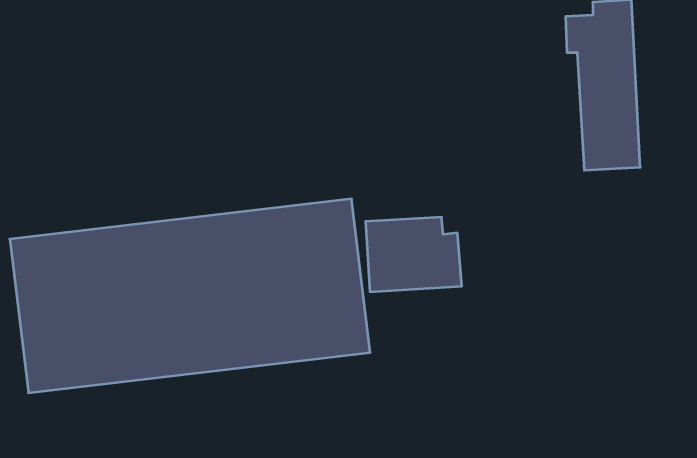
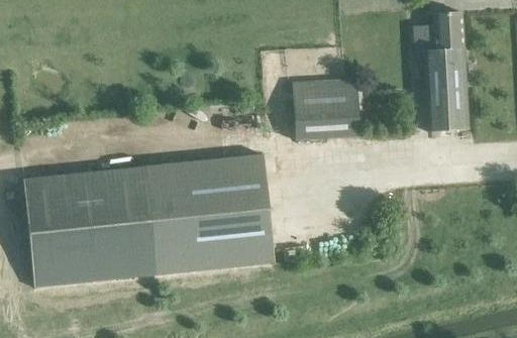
building: [366,217,462,292] -> [293,86,360,138]

